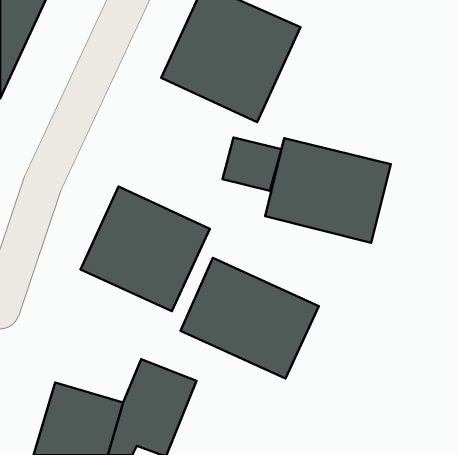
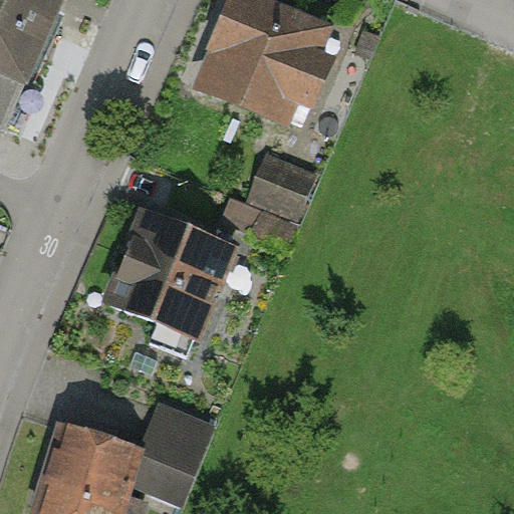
building: [265,138,391,243] -> none
building: [180,258,319,378] -> none

